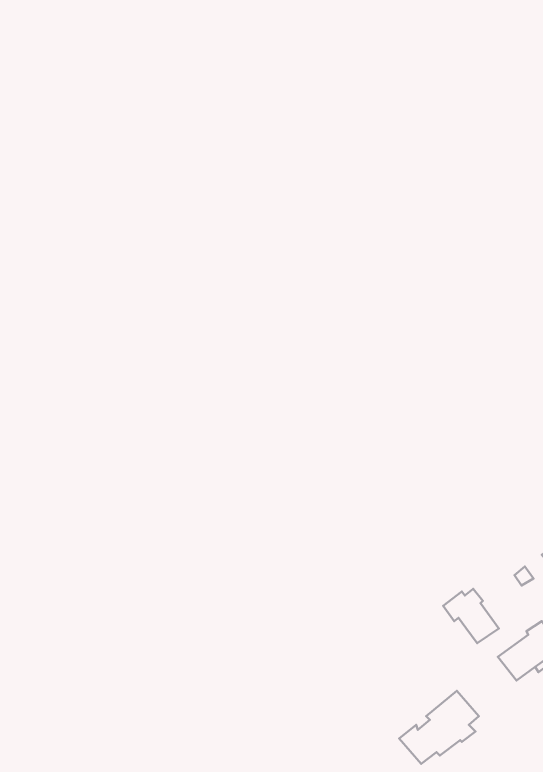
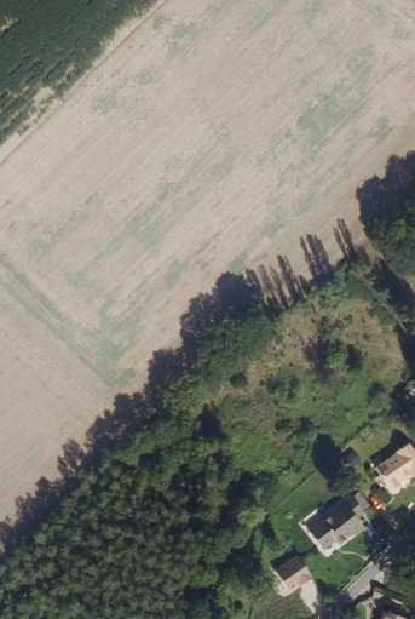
building: [443,589,499,643] -> none

